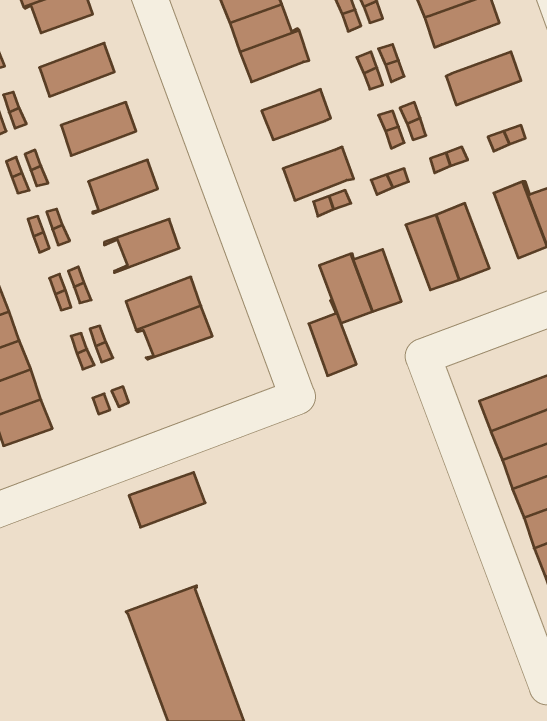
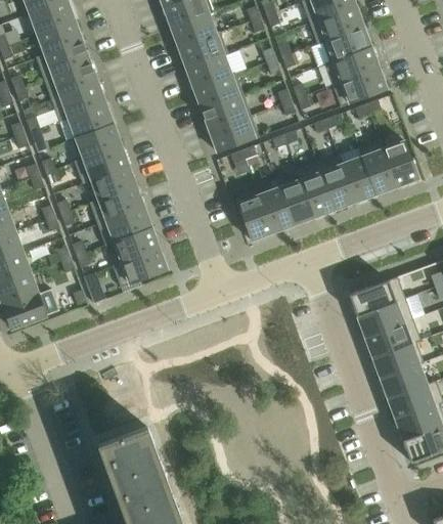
building: none -> [36,20,83,58]
building: none -> [317,27,371,64]
building: none -> [187,53,236,89]
building: none -> [44,61,98,99]
building: none -> [333,68,387,106]
building: none -> [203,94,252,130]
building: none -> [59,103,114,139]
building: none -> [75,144,129,182]
building: none -> [339,147,376,201]
building: none -> [90,186,144,224]
building: [309,299,356,376] -> [280,170,314,224]
building: [129,472,205,527] -> [114,249,168,288]

